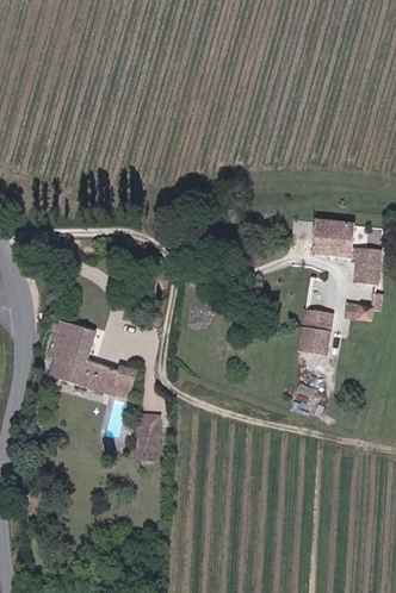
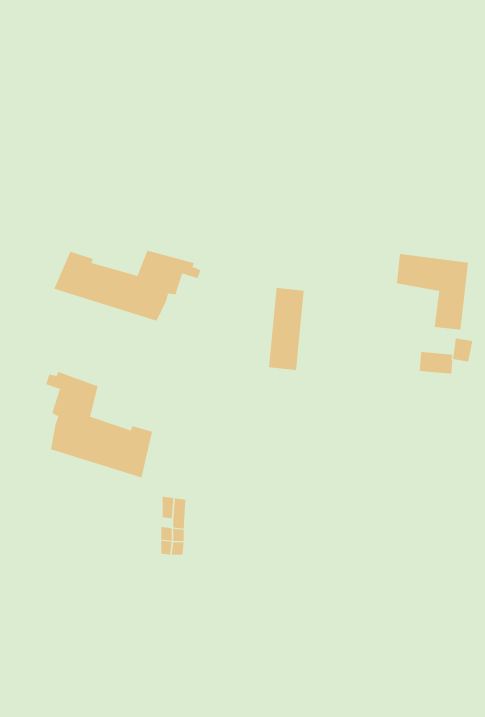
building: none -> [54,250,201,321]
building: [302,287,330,352] -> [268,287,304,370]

